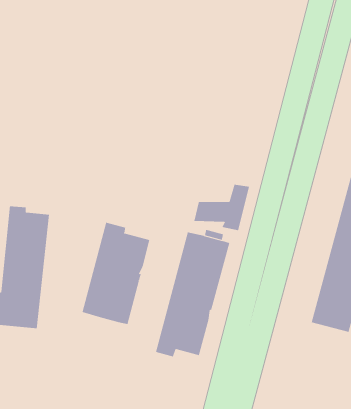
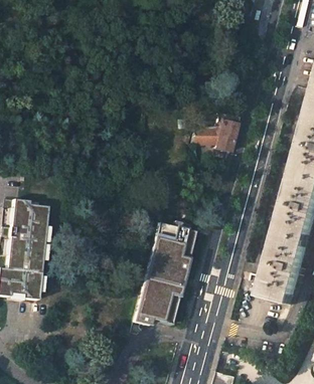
building: [193,184,250,231] -> [189,113,236,151]
building: [82,222,150,325] -> none

